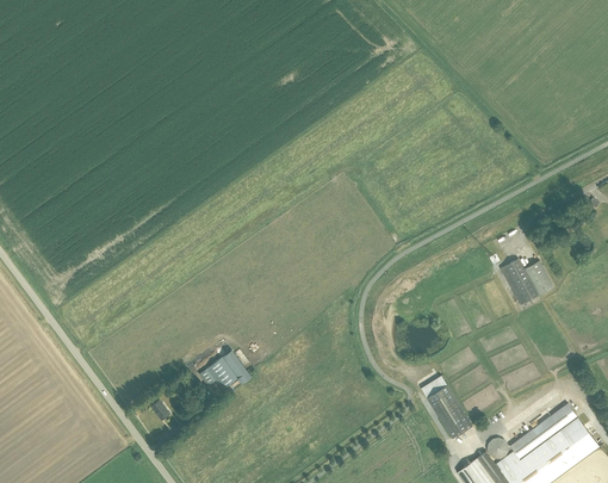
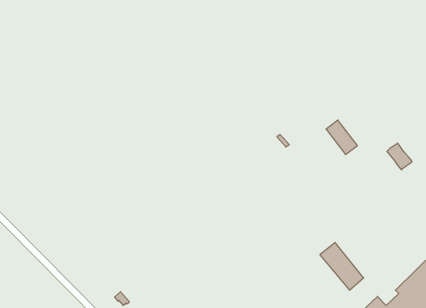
building: [501,259,538,304] -> [326,120,357,155]
building: [198,349,252,389] -> none

